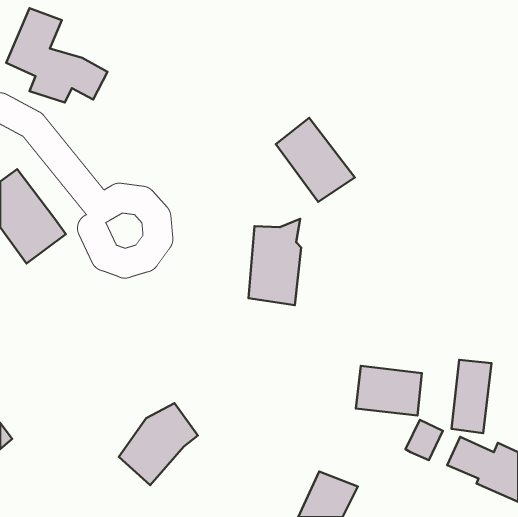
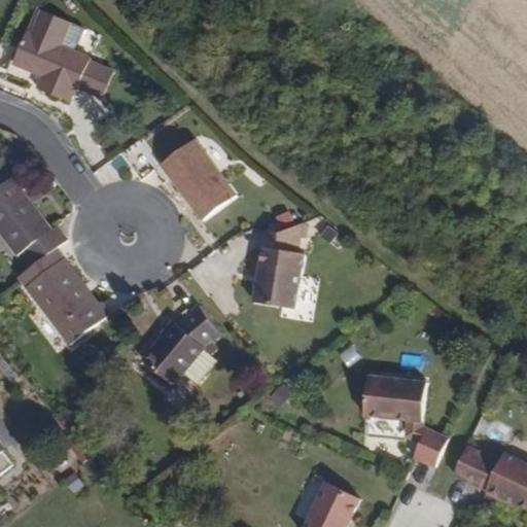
building: [276,118,355,202] -> [159,136,239,221]
building: none -> [16,247,111,348]
building: [451,360,491,433] -> none
building: [119,403,198,485] -> [138,301,218,384]

